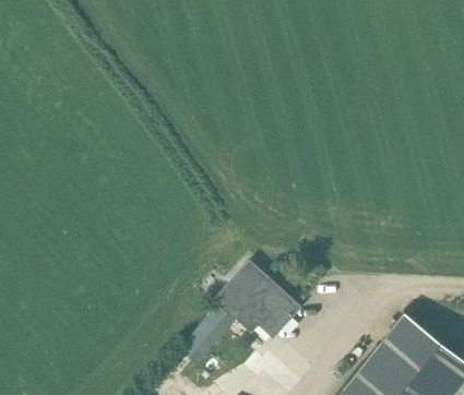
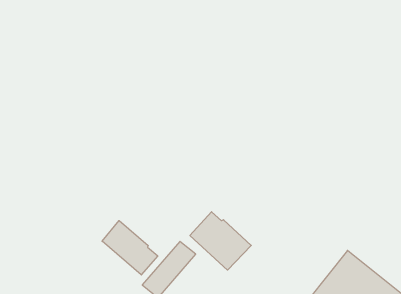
building: none -> [102,221,158,275]

